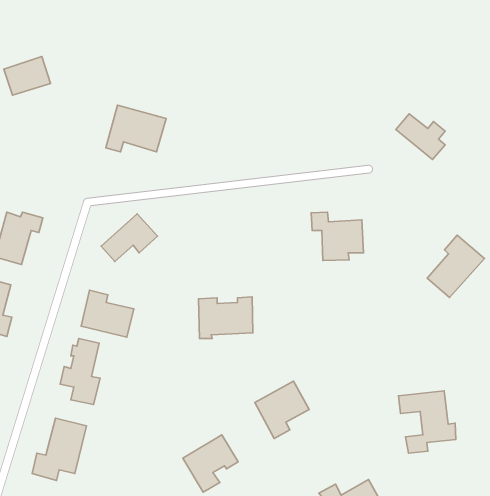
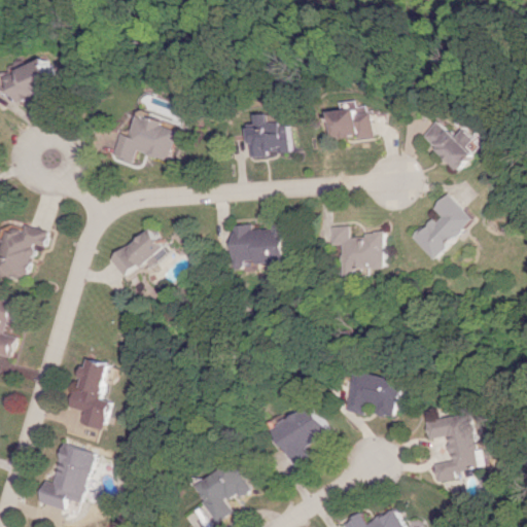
building: none -> [322,101,368,139]
building: none -> [244,114,286,157]
building: [427,235,484,297] -> [413,194,473,259]
building: [81,290,134,337] -> none
building: [199,297,253,339] -> [231,223,288,268]
building: none -> [343,370,400,418]

